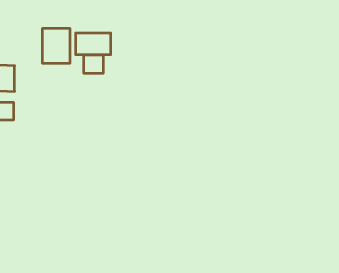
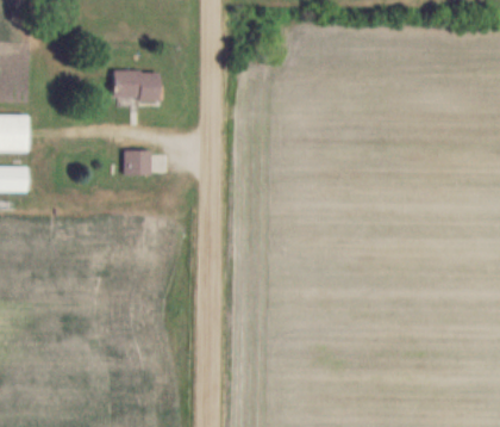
building: [43,28,70,63] -> none
building: [84,55,103,73] -> [125,150,152,175]

